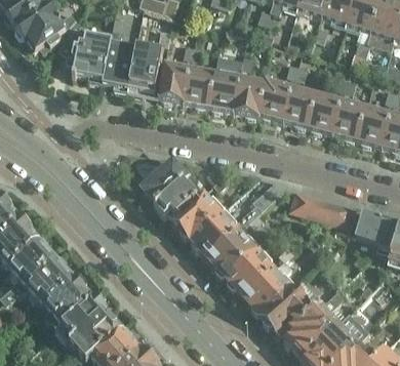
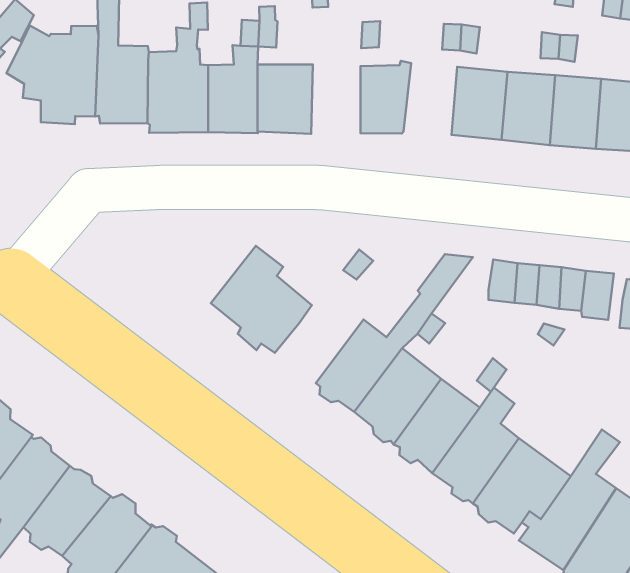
building: [212,72,244,112] -> none
building: [261,80,294,121] -> none
building: [173,191,223,238] -> none

